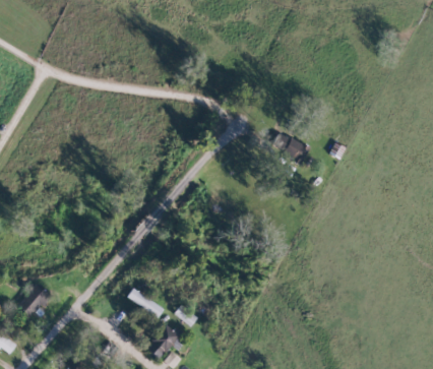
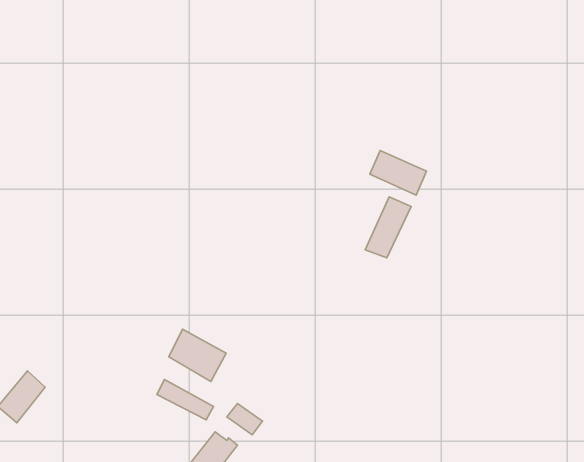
building: none -> [365,197,411,258]
building: none -> [169,329,226,382]

